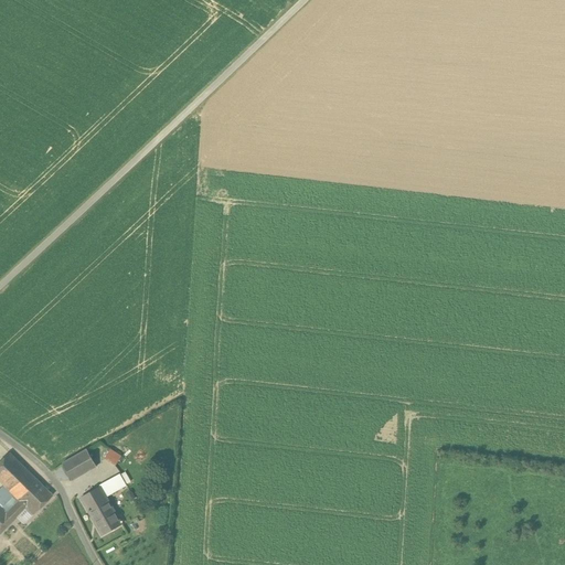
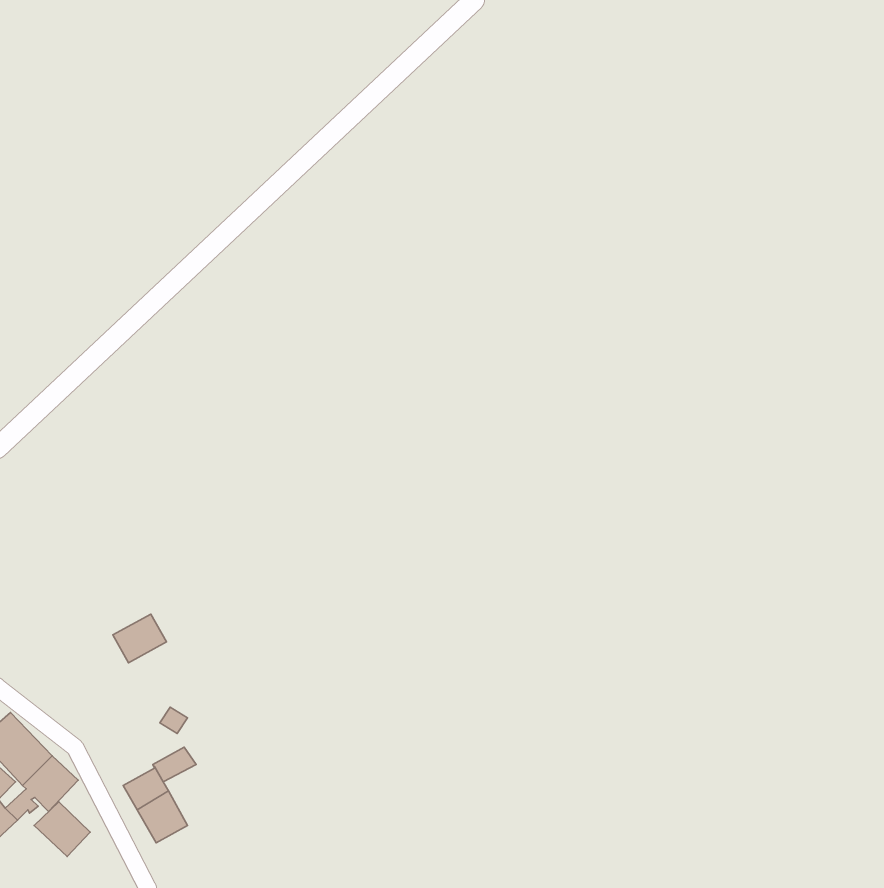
building: [61,449,95,480] -> [113,614,167,663]
building: none -> [34,802,90,856]

